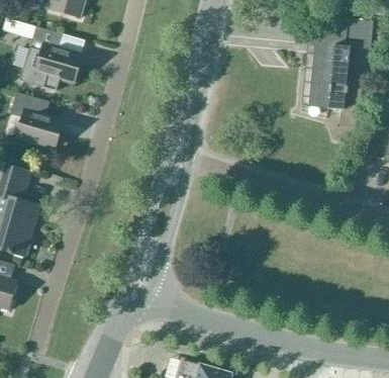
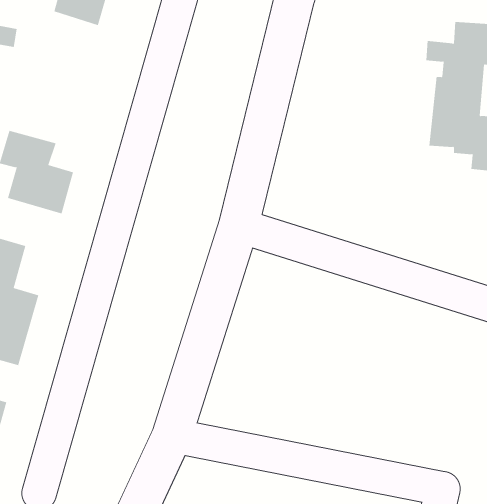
building: [20,26,83,91] -> none

